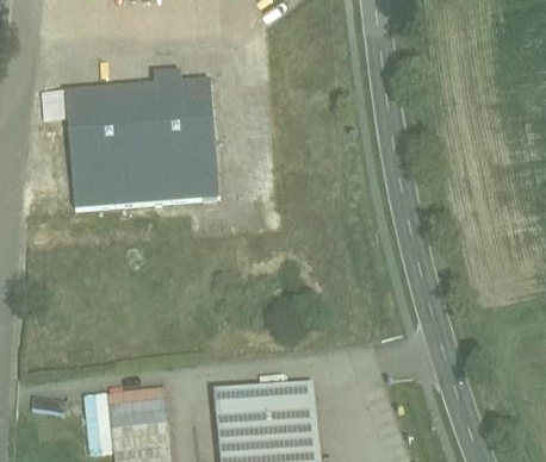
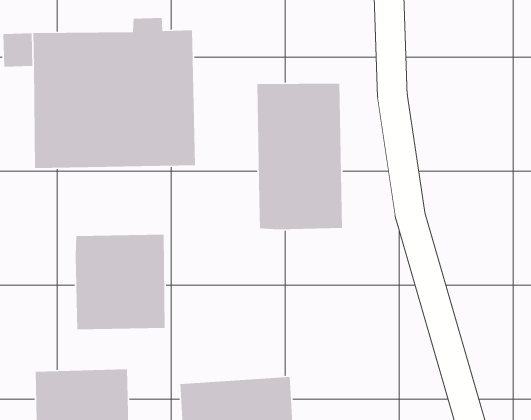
building: none -> [256,83,343,230]
building: none -> [75,234,166,330]

